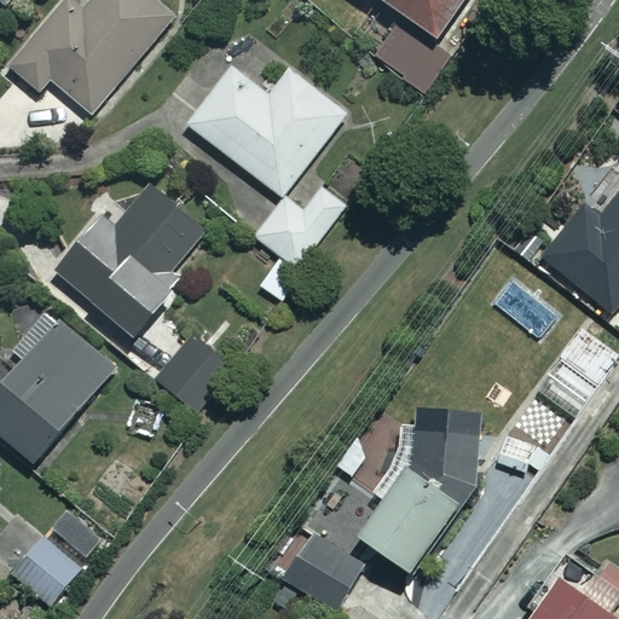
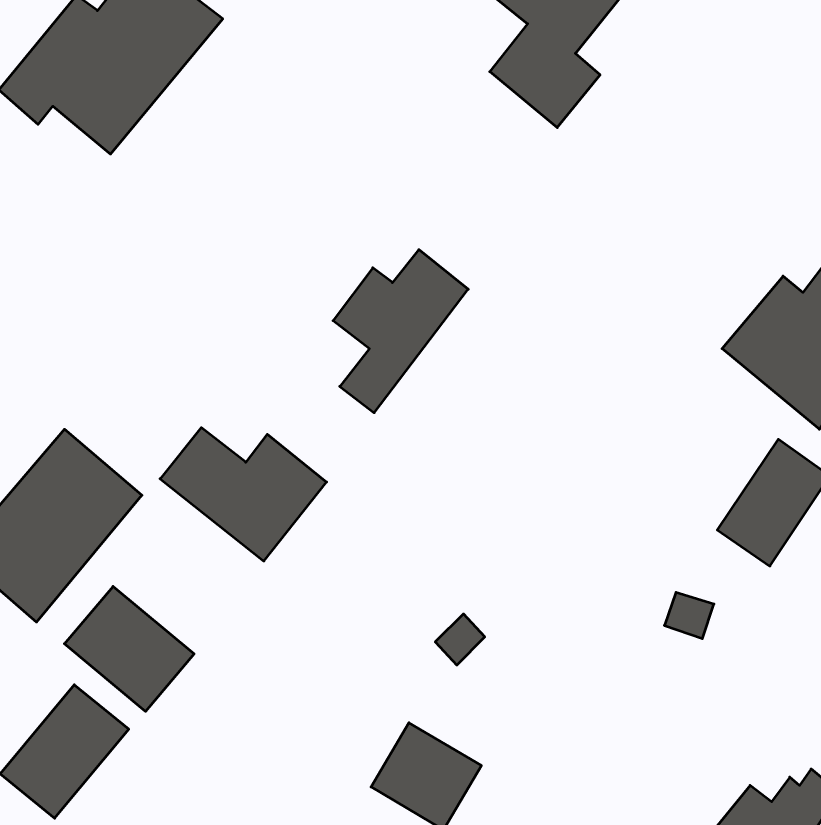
building: [186,68,345,196] -> none
building: [51,185,204,337] -> none
building: [352,418,475,575] -> none
building: none -> [64,586,194,711]

